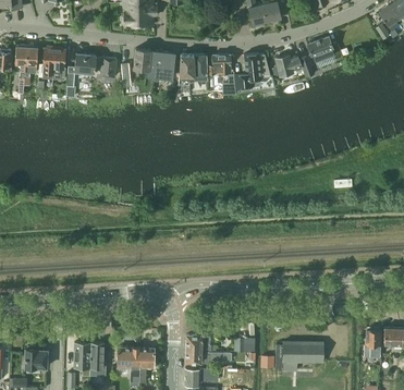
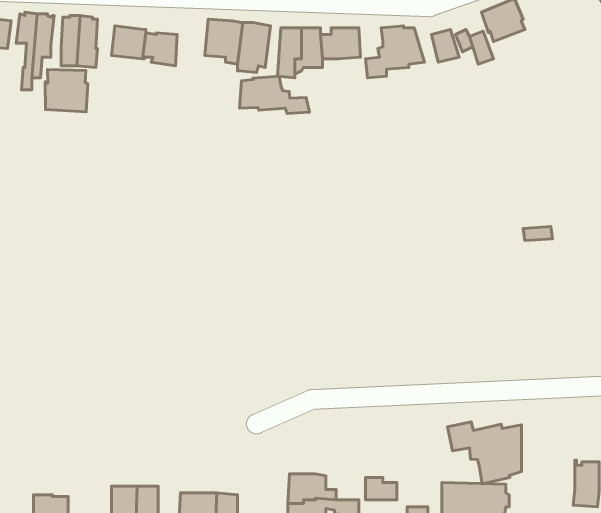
building: none -> [45,69,88,112]
building: none -> [240,76,310,113]
building: none -> [448,422,522,484]

